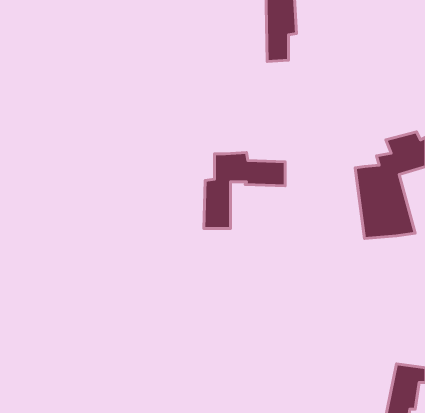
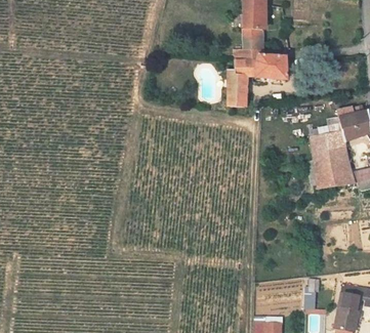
building: [204,153,285,228] -> [227,51,289,110]

